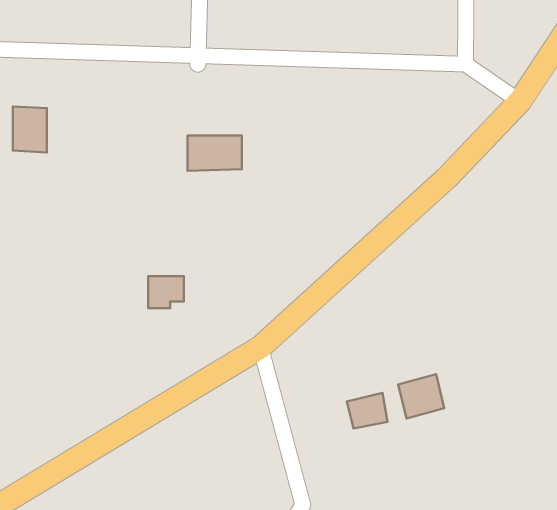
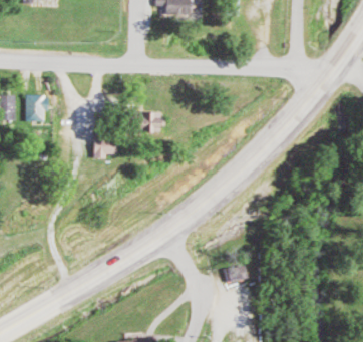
building: [148,276,184,308] -> [93,138,114,157]
building: [398,374,444,418] -> none

